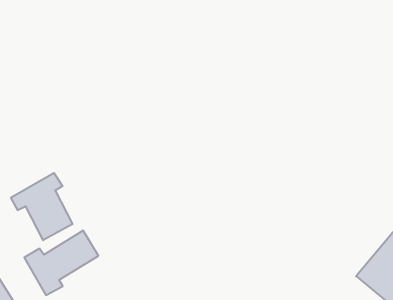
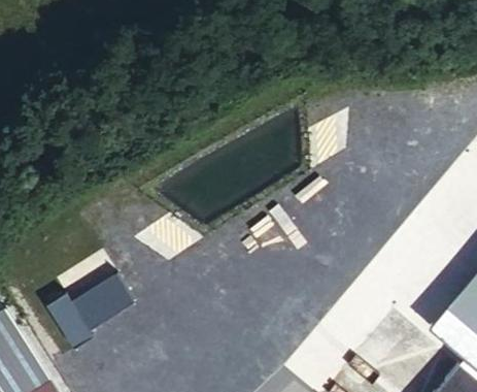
building: [11,173,73,240] -> none

